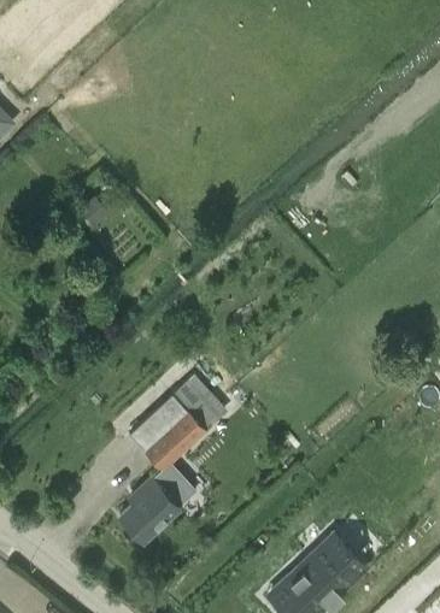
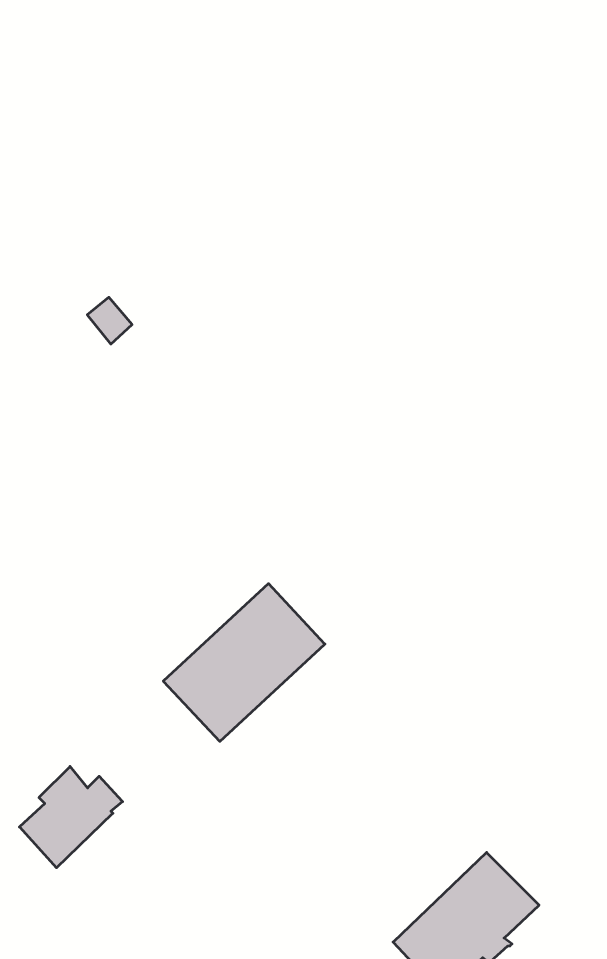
building: [119,478,183,541] -> [19,766,123,868]

